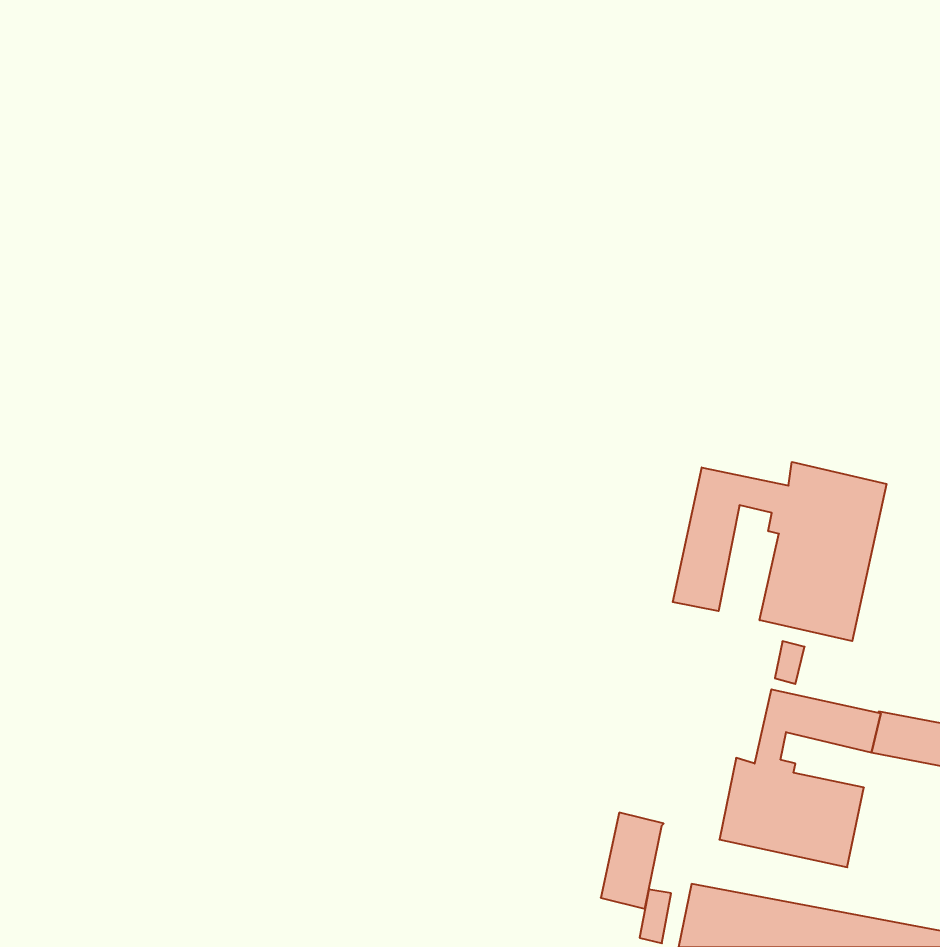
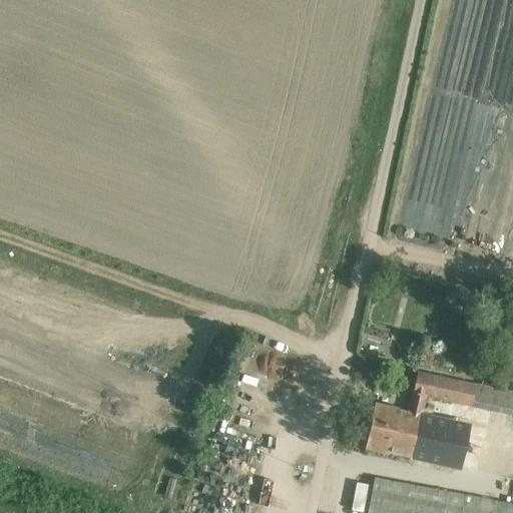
building: [673,462,887,641] -> none
building: [601,813,664,909] -> [369,403,403,455]

